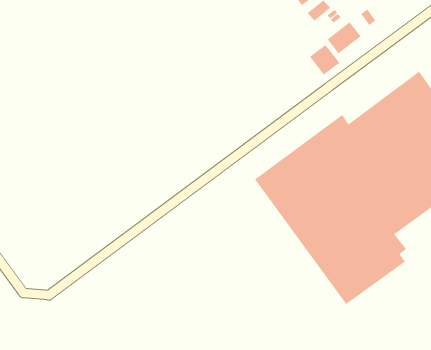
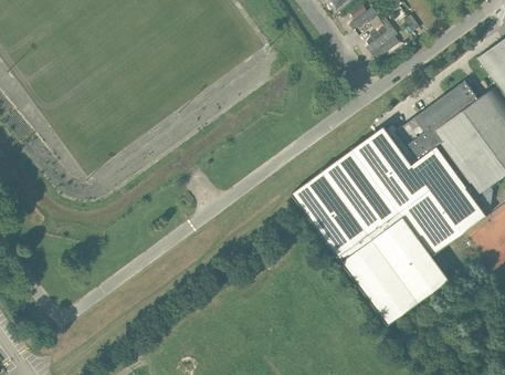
building: [309,44,340,76] -> none

